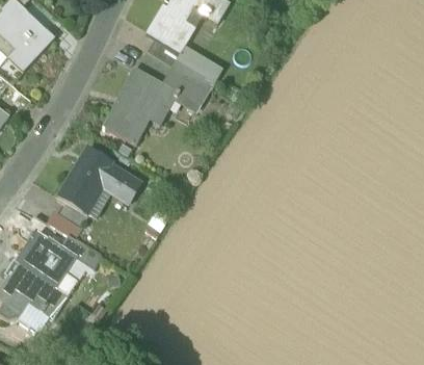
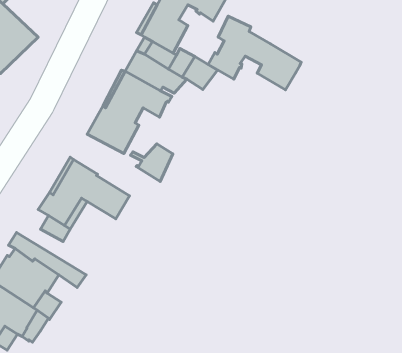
building: none -> [208,16,301,90]
building: [168,77,207,111] -> [130,144,173,181]

